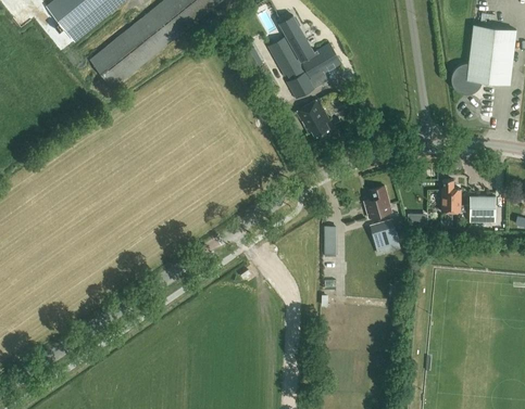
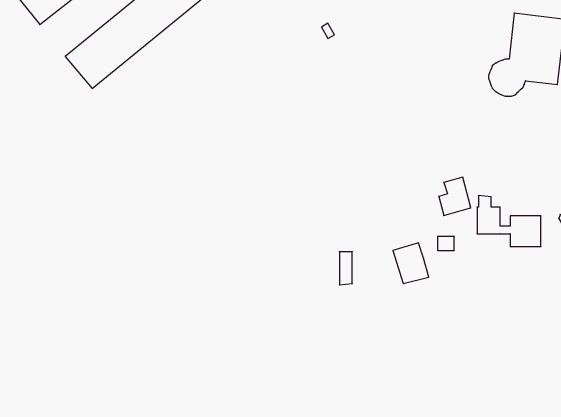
building: [264,17,340,98] -> none
building: [297,100,332,141] -> none
building: [364,186,391,218] -> [439,177,471,216]

